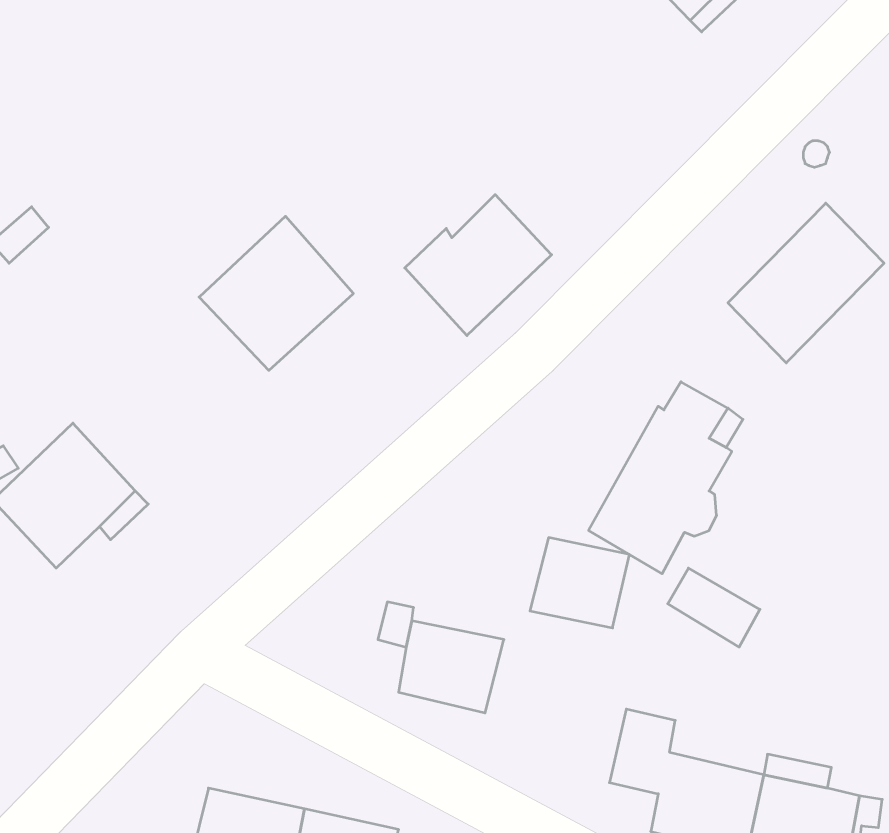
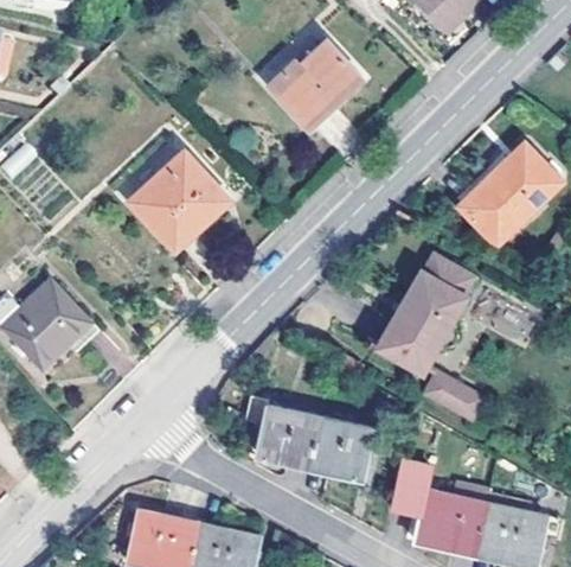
building: [405,195,552,336] -> [268,38,360,127]
building: [530,538,630,628] -> [310,416,373,473]

